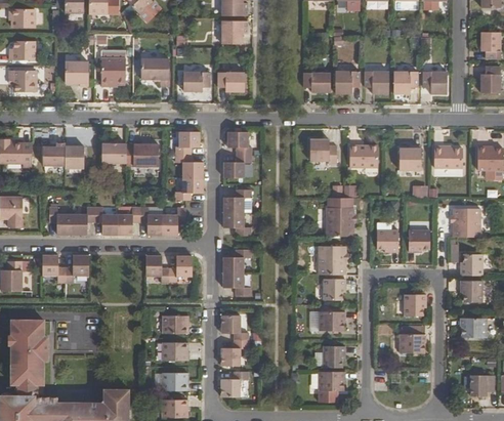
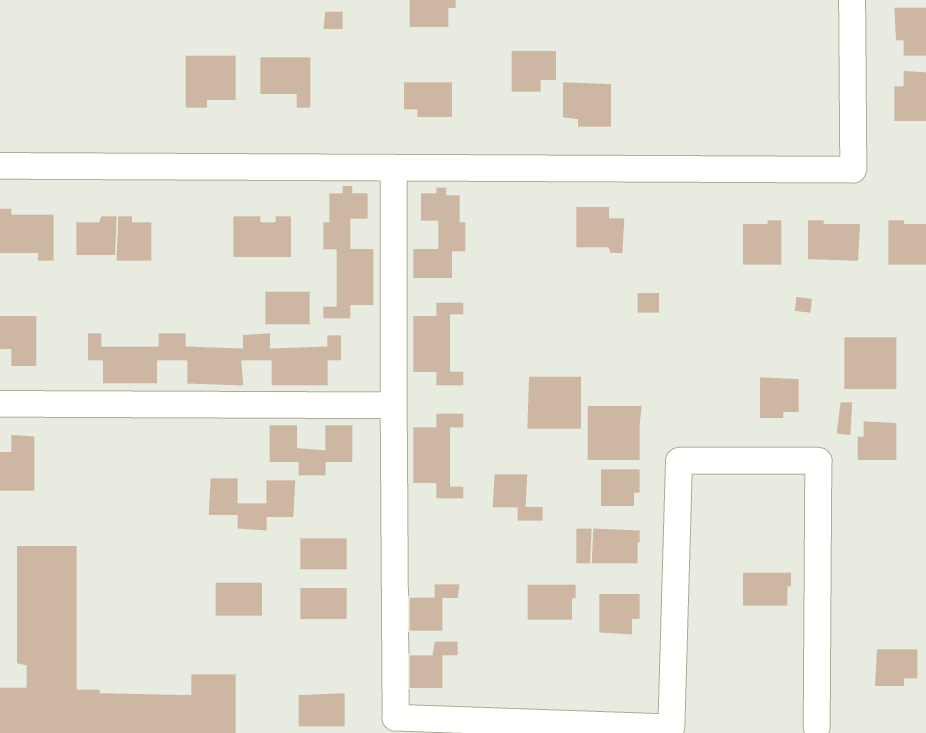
building: [9,41,35,59] -> none
building: [66,61,89,86] -> none
building: [9,70,36,91] -> none
building: [335,71,360,93] -> [511,50,557,92]
building: [365,71,389,93] -> none
building: [393,71,418,94] -> none
building: [423,71,447,94] -> none
building: [183,72,210,91] -> none
building: [102,143,127,162] -> [265,291,311,325]
building: [349,145,378,167] -> none
building: [324,207,353,236] -> [526,376,582,429]
building: [377,229,398,251] -> none
building: [42,254,89,283] -> [208,478,296,531]
building: [461,280,482,301] -> none
building: [404,294,426,315] -> none
building: [221,314,249,340] -> [492,474,544,521]
building: [461,318,487,337] -> none
building: [319,371,345,390] -> [527,584,577,620]
building: [162,372,187,390] -> [215,582,263,616]

